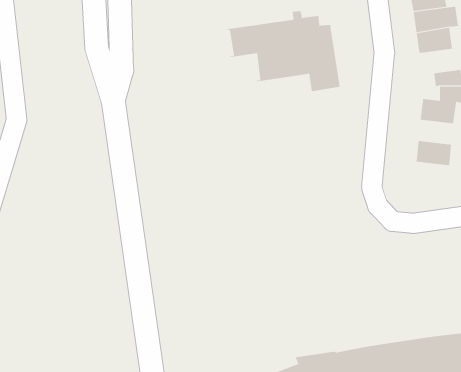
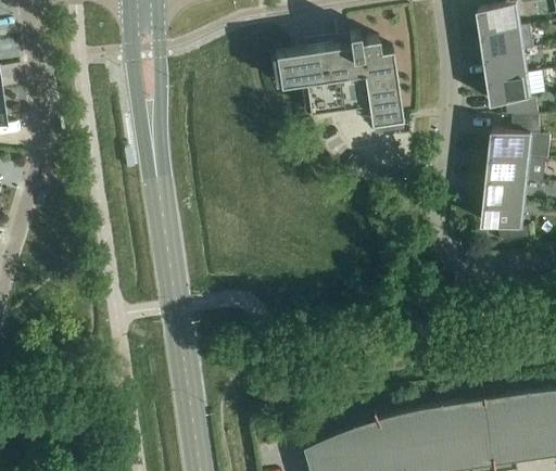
building: none -> [488,77,529,106]
building: none -> [486,156,527,183]
building: none -> [481,203,529,246]

